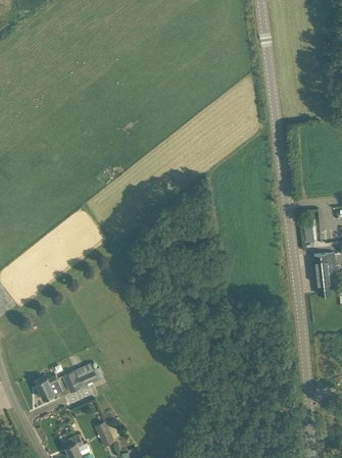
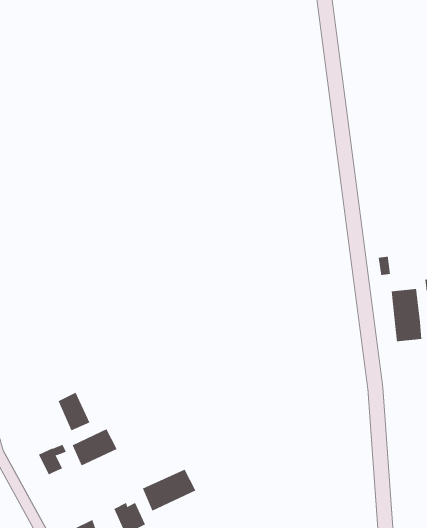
building: none -> [58,392,90,431]
building: none -> [142,469,196,512]

